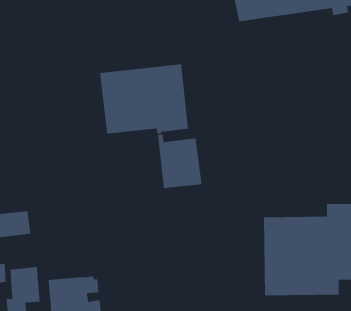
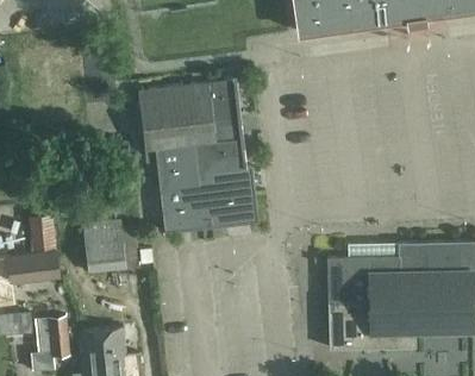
building: none -> [156,156,212,231]
building: none -> [29,214,55,250]
building: none -> [82,219,150,274]

